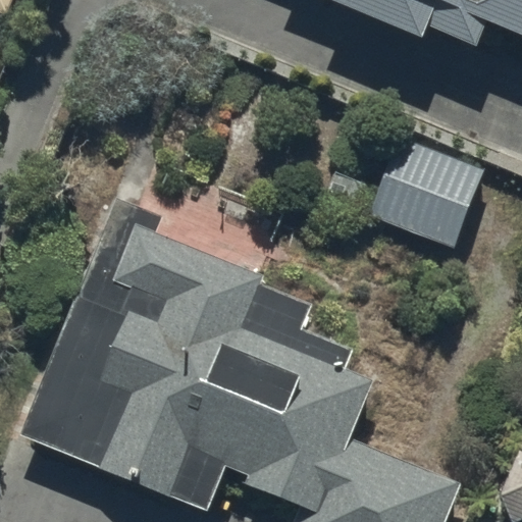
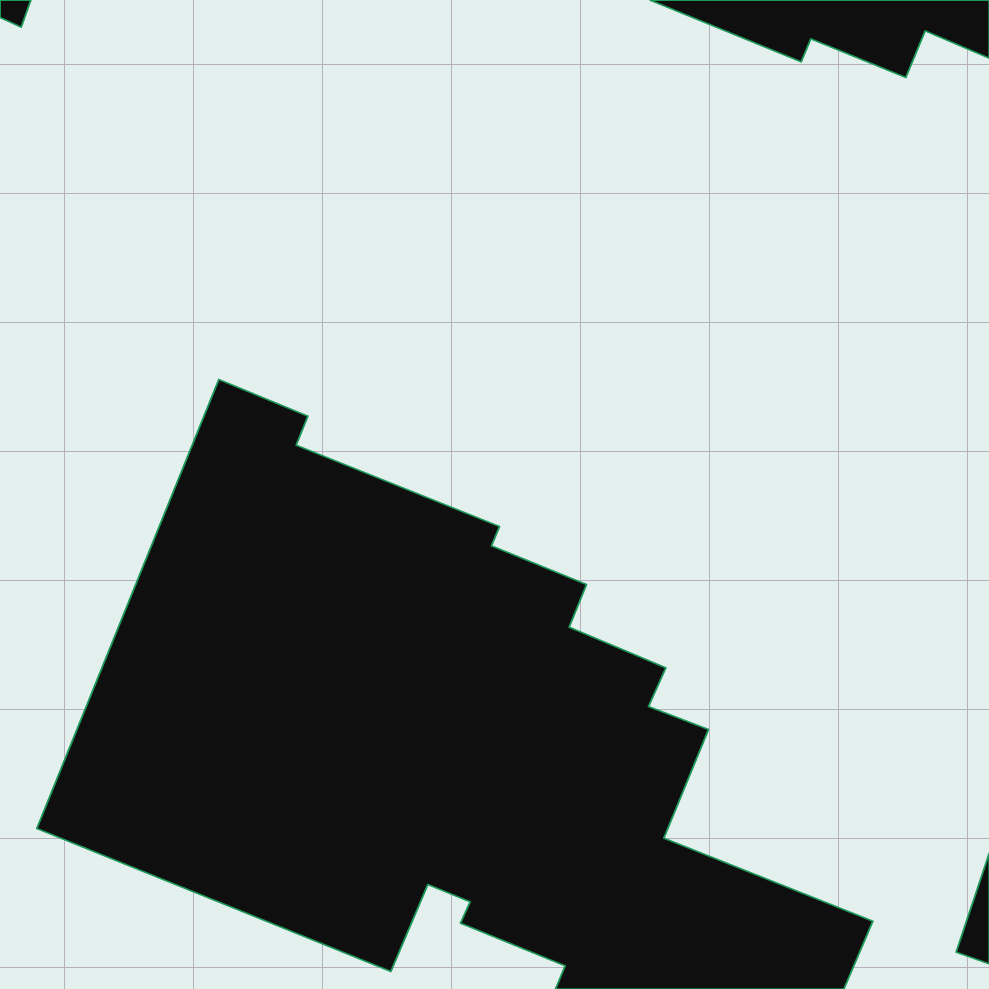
building: [367,136,485,247] -> none

